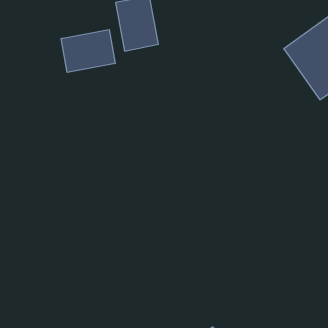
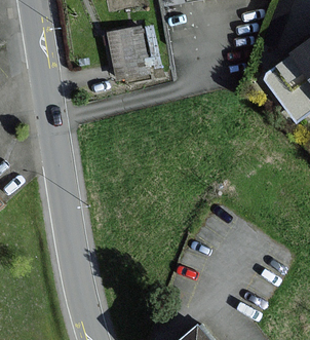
building: [61,30,115,72] -> none

